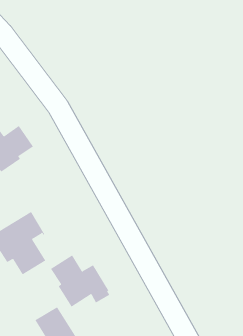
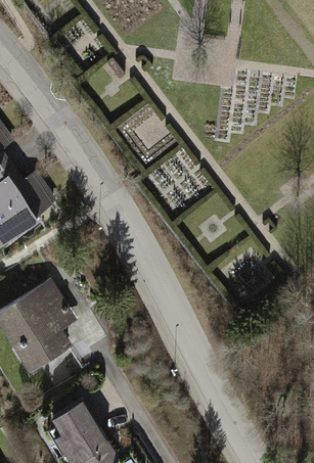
building: [50,254,110,307] -> none

